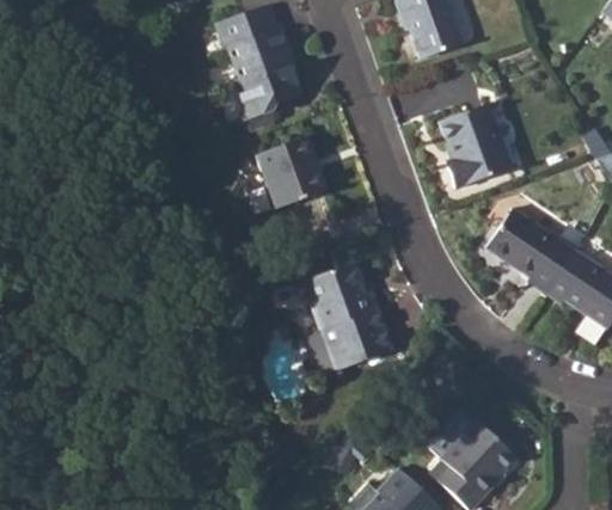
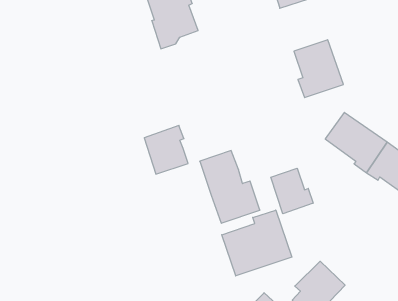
building: [258,135,322,205] -> [144,125,188,174]
building: none -> [271,168,313,214]
building: none -> [222,210,292,276]

